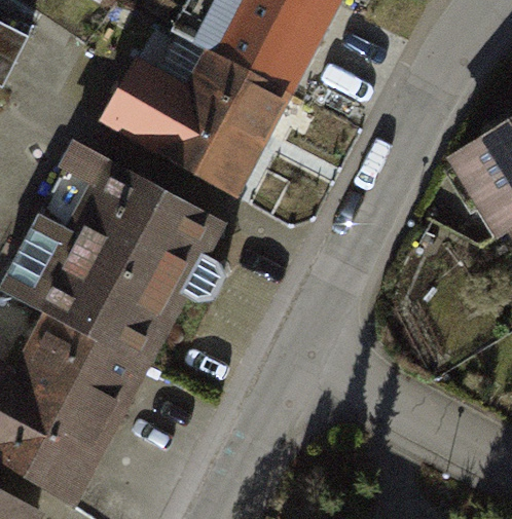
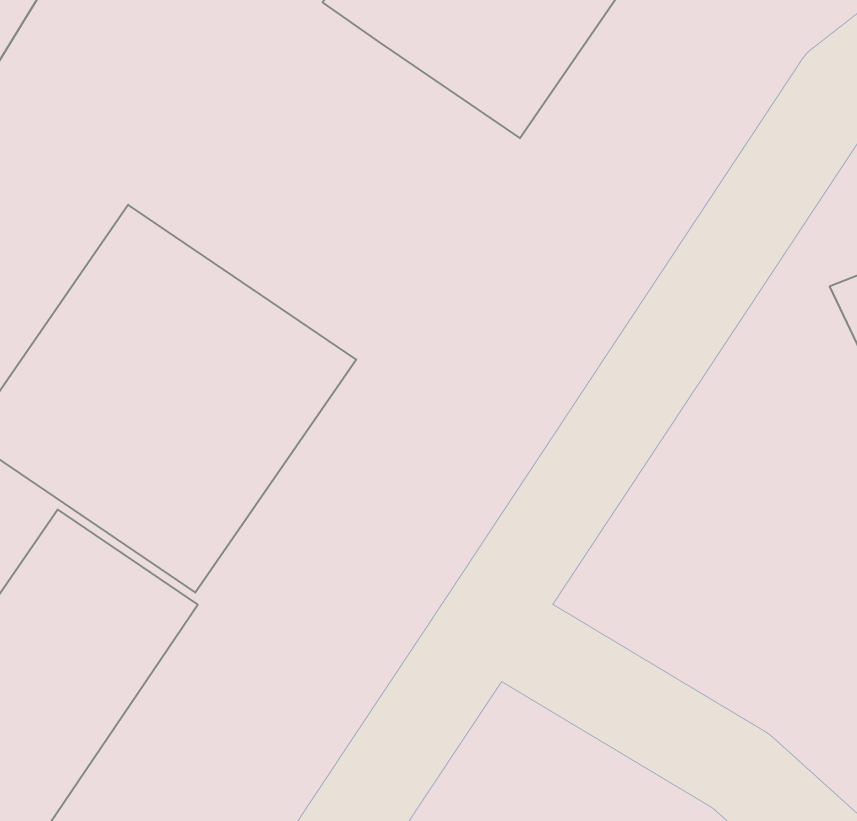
building: [104,51,289,193] -> none

